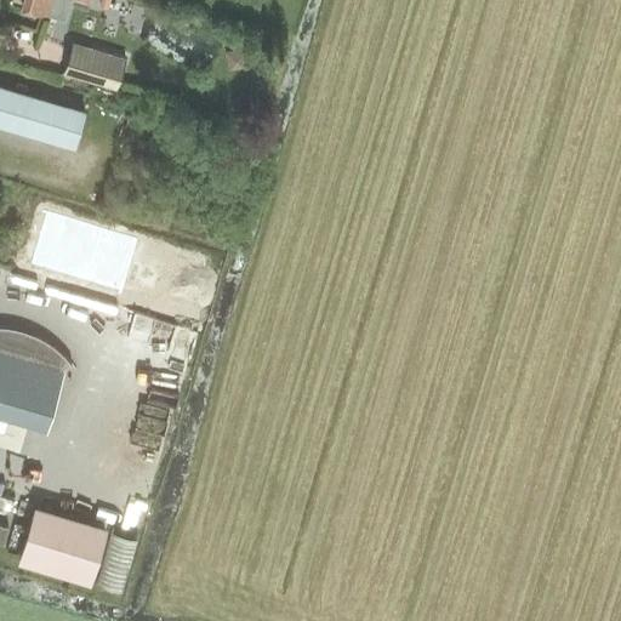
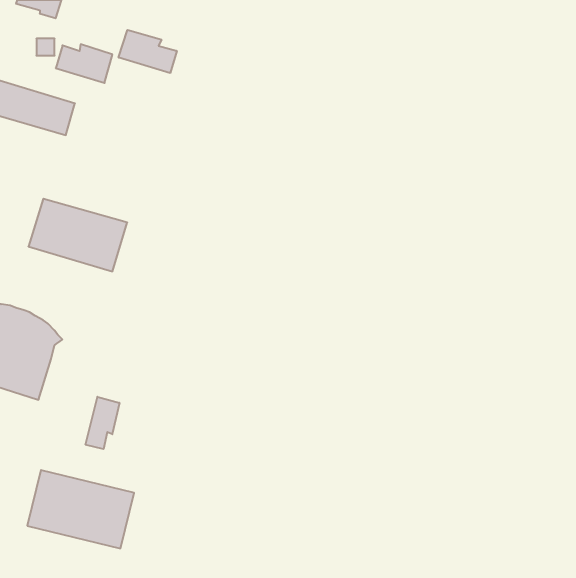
building: none -> [119,30,177,73]
building: none -> [86,397,119,449]

